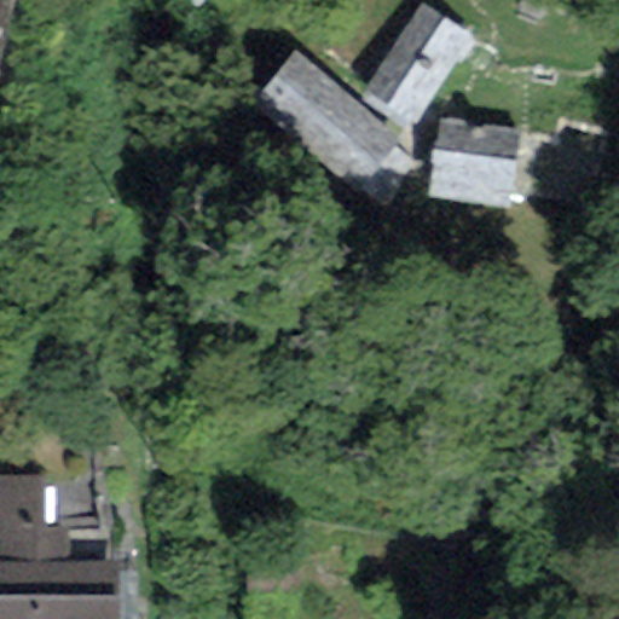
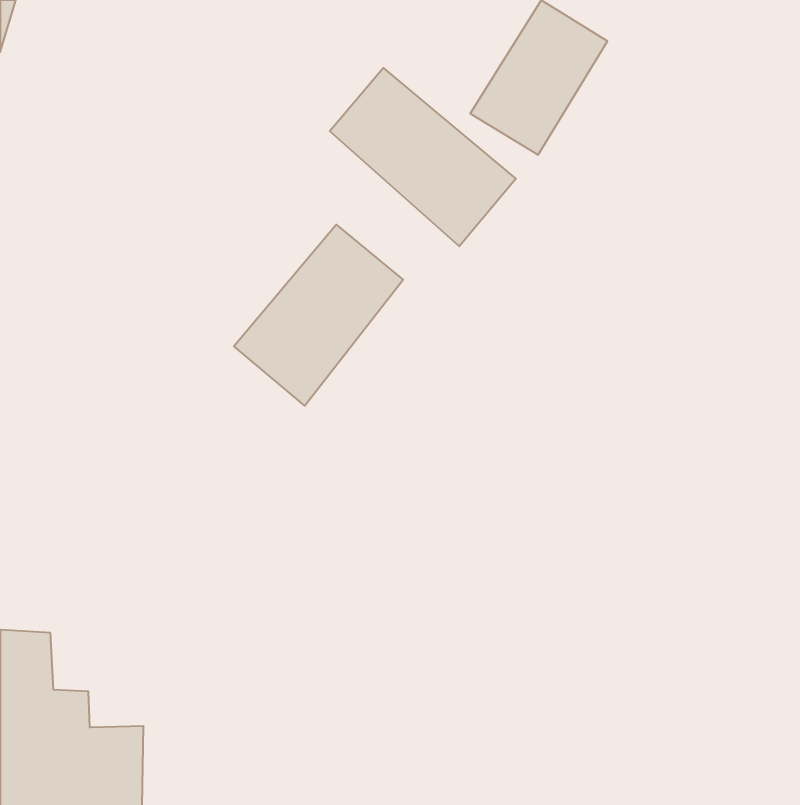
building: [440,127,516,202] -> none
building: none -> [234,225,403,406]

